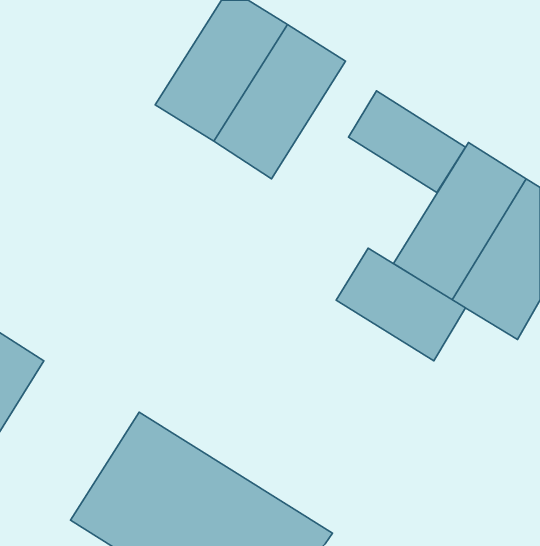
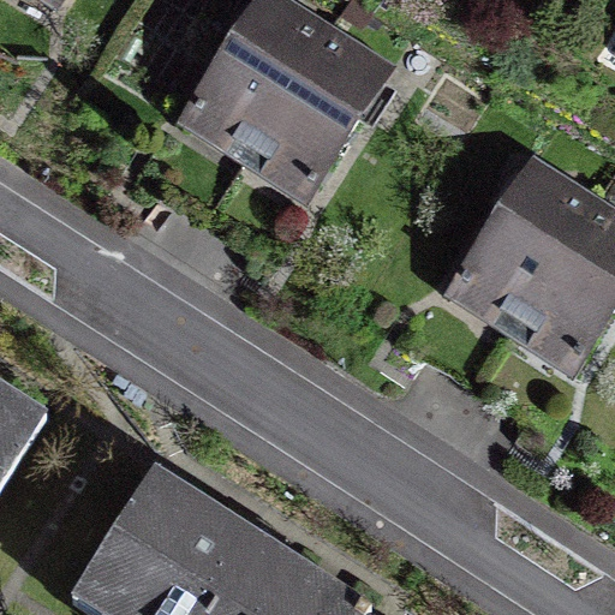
building: [348,91,465,193] -> none
building: [336,248,466,361] -> none

